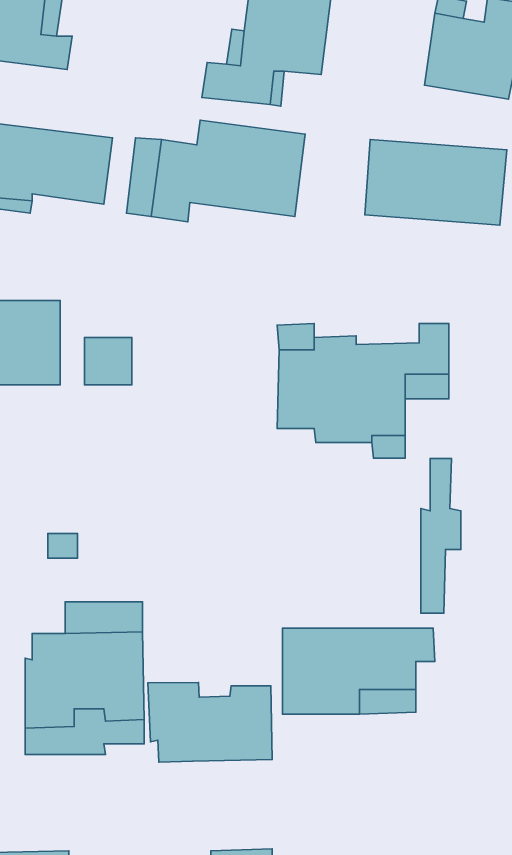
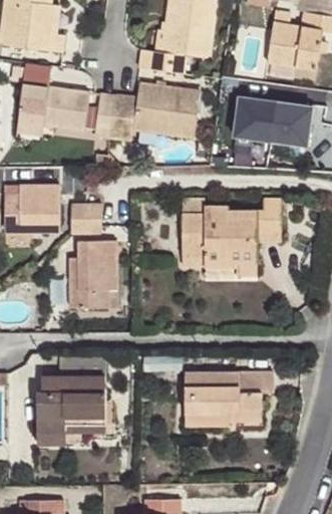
building: none -> [69,243,117,308]
building: [421,458,461,613] -> none
building: [148,682,272,762] -> none

